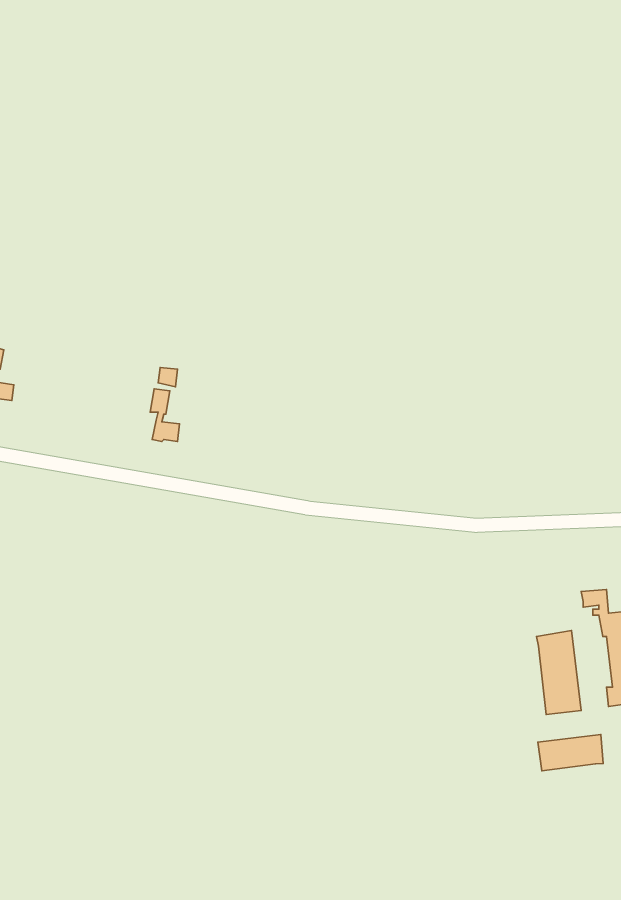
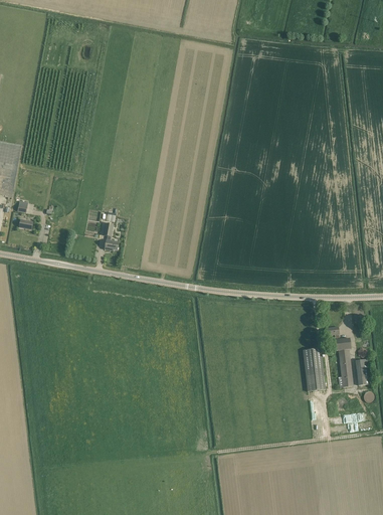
building: [538,734,603,771] -> none

